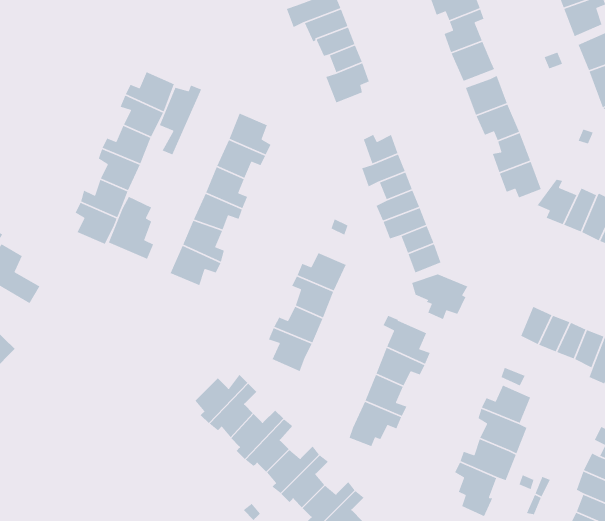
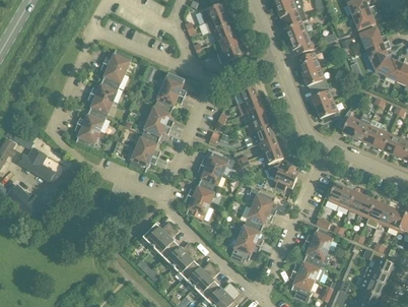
building: [159,84,202,156] -> none
building: [108,196,154,260] -> none

